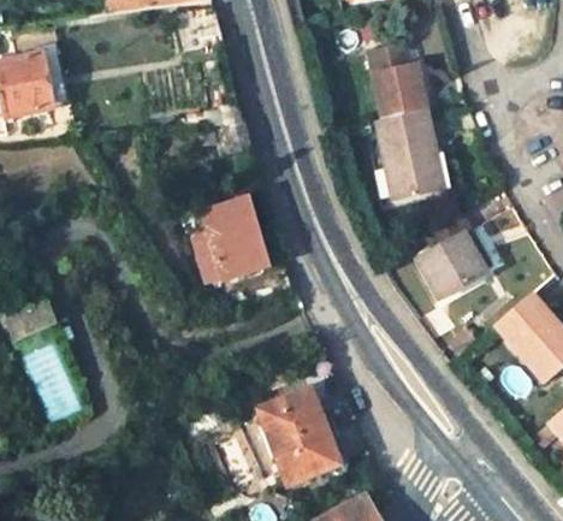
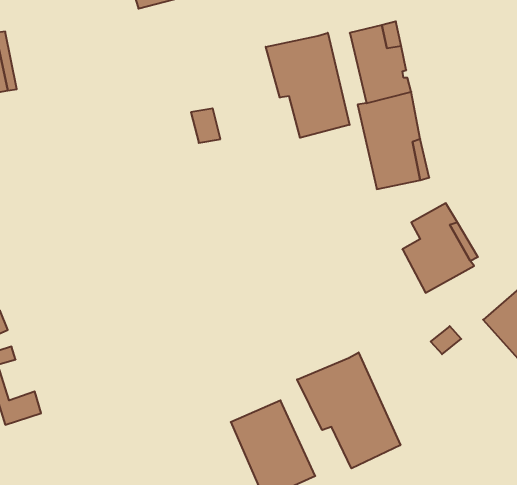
building: none -> [266,33,350,138]
building: [203,203,259,282] -> none
building: none -> [297,352,400,468]

